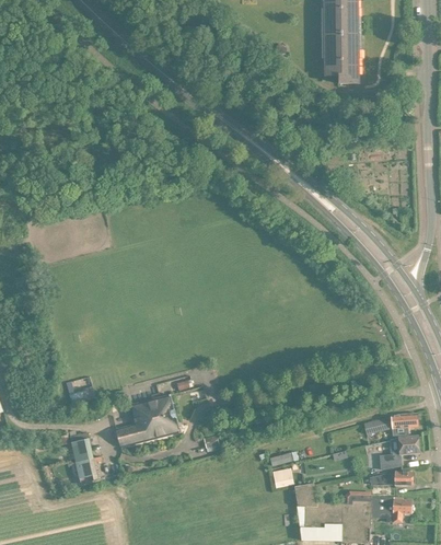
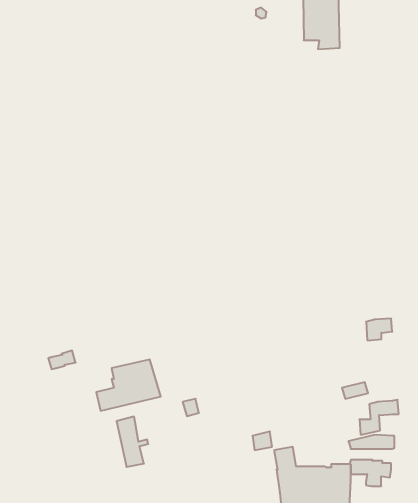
building: [391,411,417,433] -> [366,319,392,340]
building: [69,431,101,482] -> [117,417,148,467]

